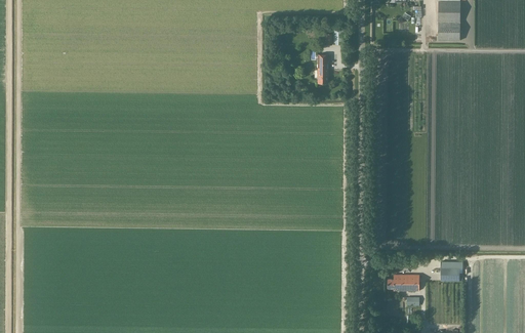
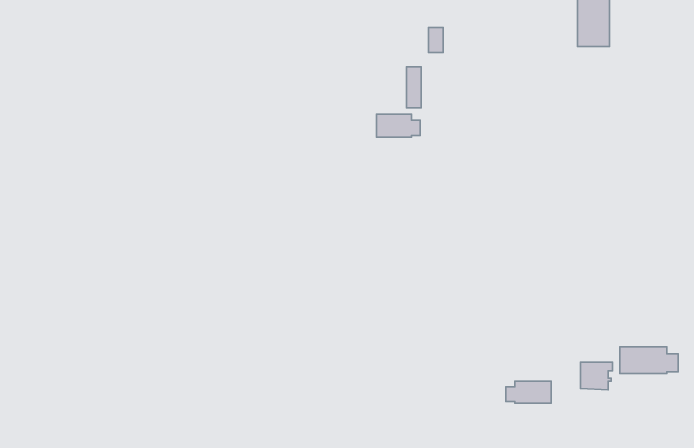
building: none -> [376,114,420,137]
building: none -> [620,347,678,374]

